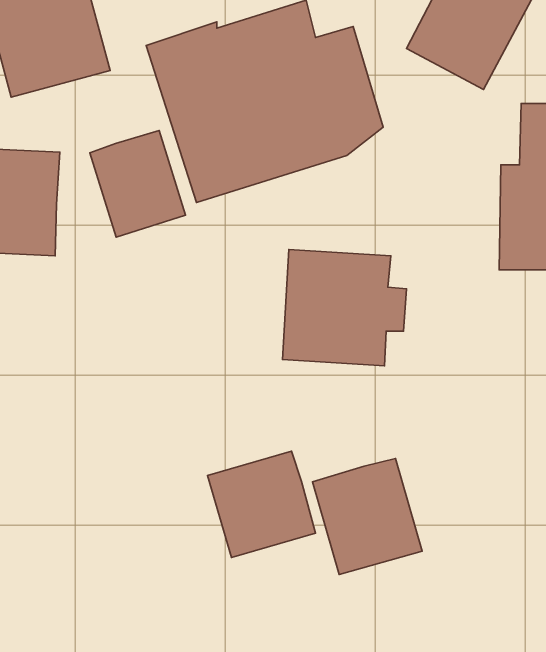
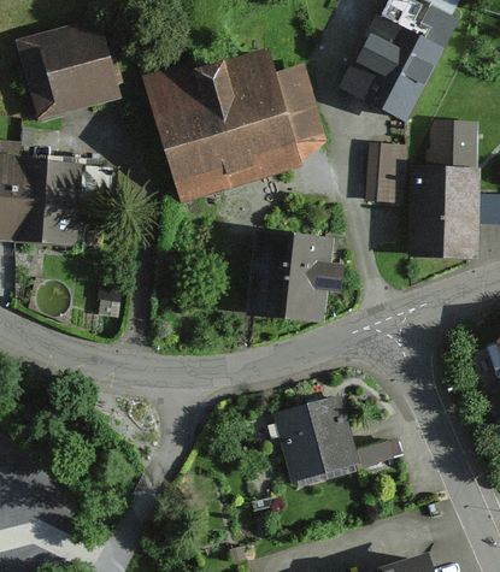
building: [90,131,185,237] -> none
building: none -> [370,146,401,201]
building: [207,451,316,558] -> none

